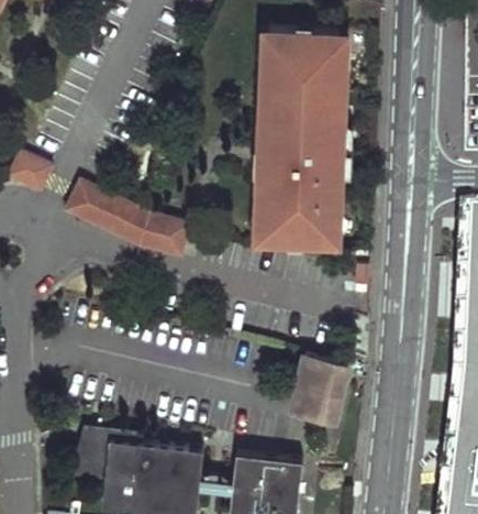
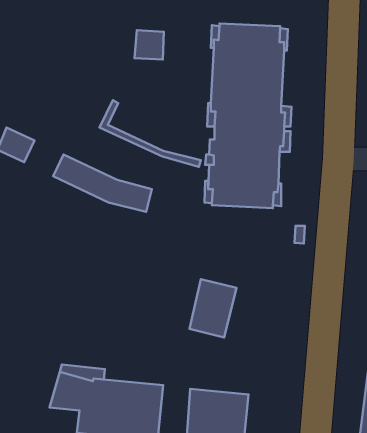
building: none -> [135,30,164,59]
building: [66,179,185,258] -> [100,100,201,167]
building: [294,358,349,426] -> [189,279,236,337]

